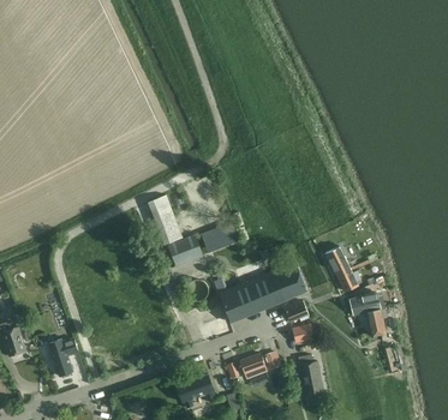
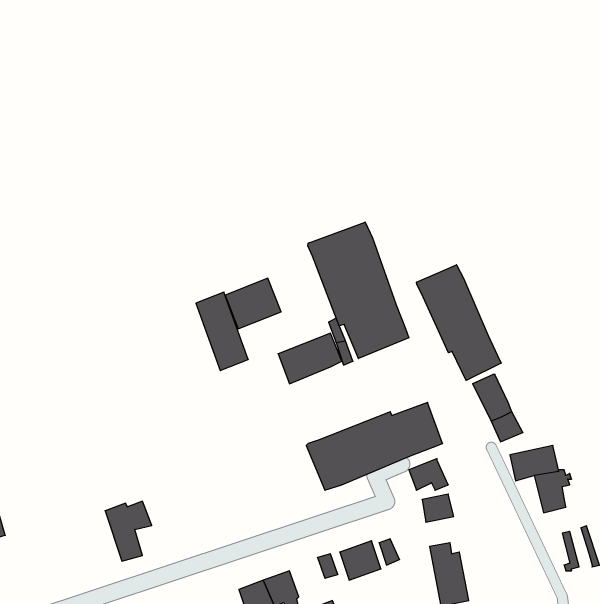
building: none -> [308,222,409,359]
building: none -> [417,265,501,380]
building: [167,234,203,266] -> [225,278,281,329]
building: [48,337,78,376] -> [105,501,152,561]

